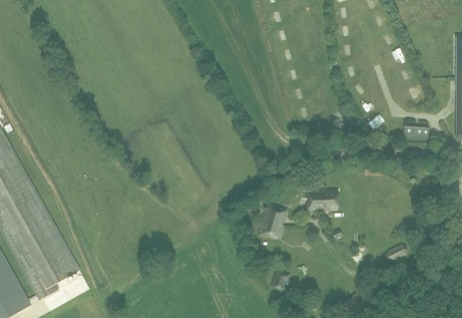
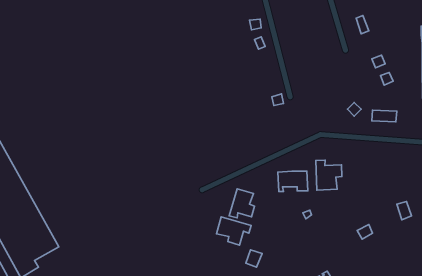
building: none -> [316,160,342,190]
building: none -> [217,217,251,245]

